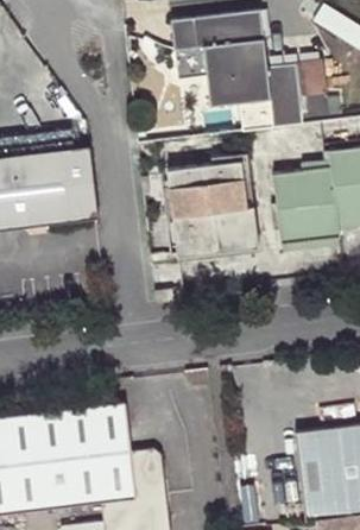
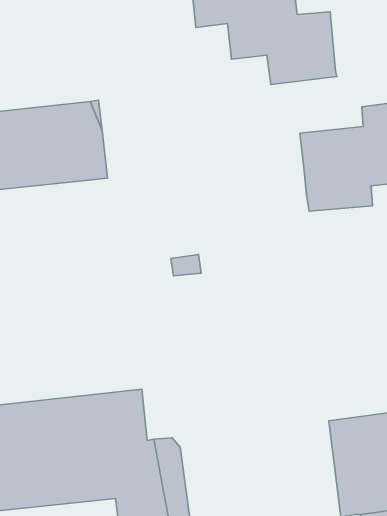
building: [298,64,342,120] -> none
building: [163,165,255,260] -> none

